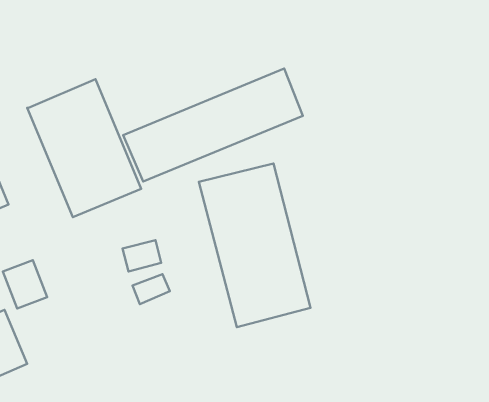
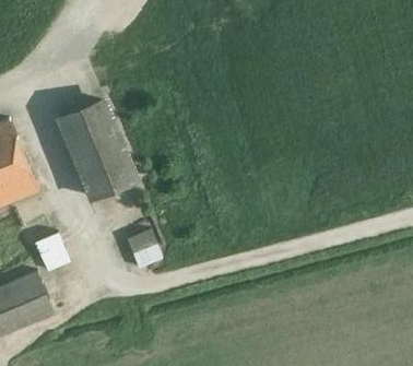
building: [123,68,303,182] -> none
building: [199,163,310,327] -> none

